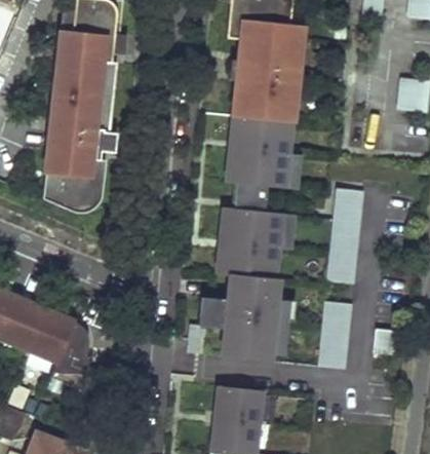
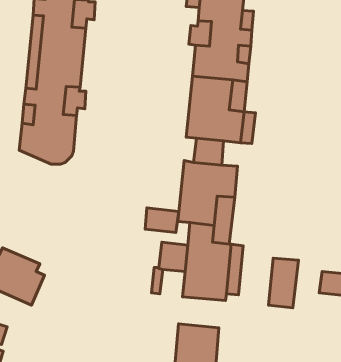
building: [324,187,362,303] -> none
building: none -> [145,208,179,232]
building: [51,324,91,393] -> none

